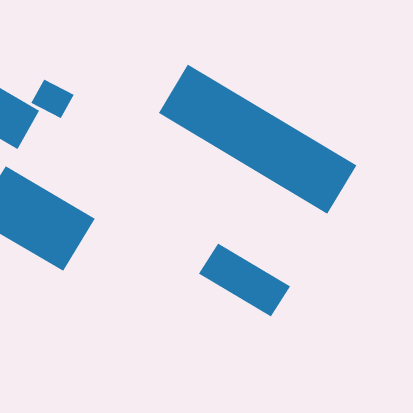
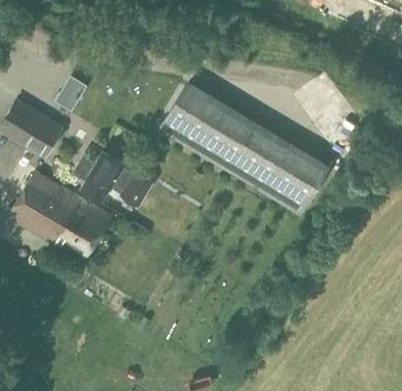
building: none -> [78,149,157,205]
building: [198,242,291,318] -> none

